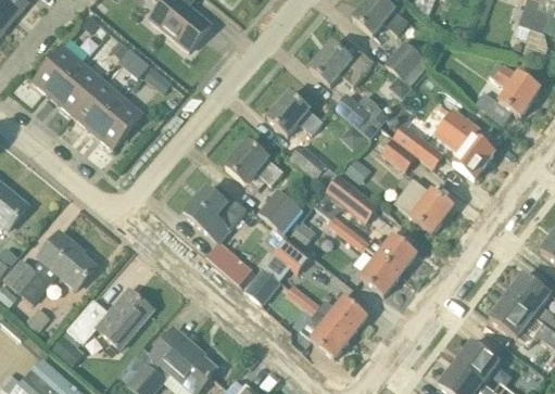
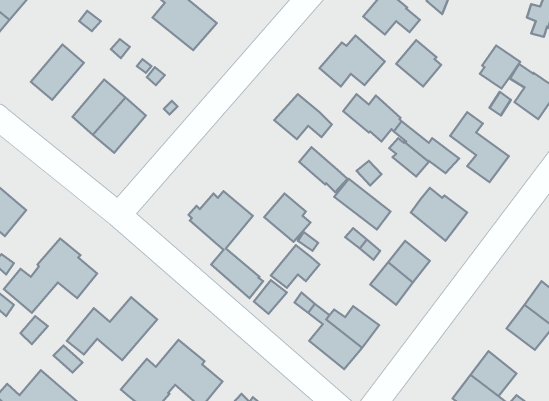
building: none -> [480,46,520,89]
building: [52,62,102,114] -> none
building: [226,140,281,183] -> none

